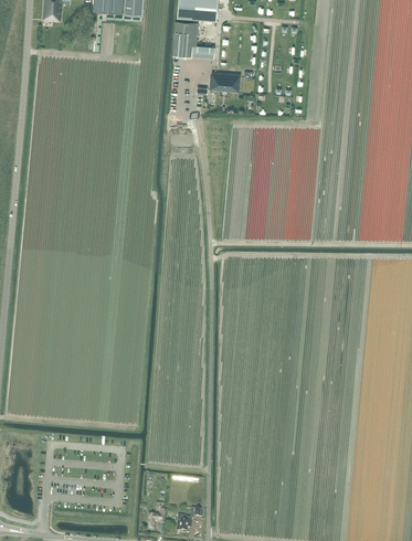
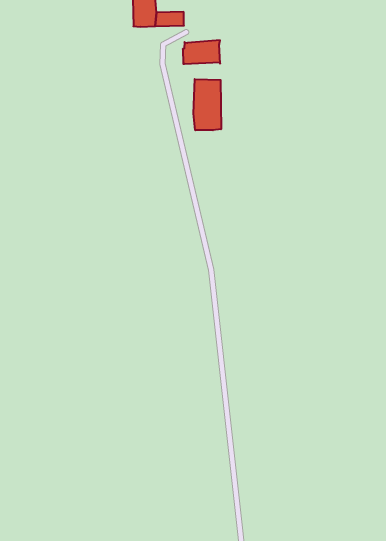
building: none -> [193,79,221,130]

